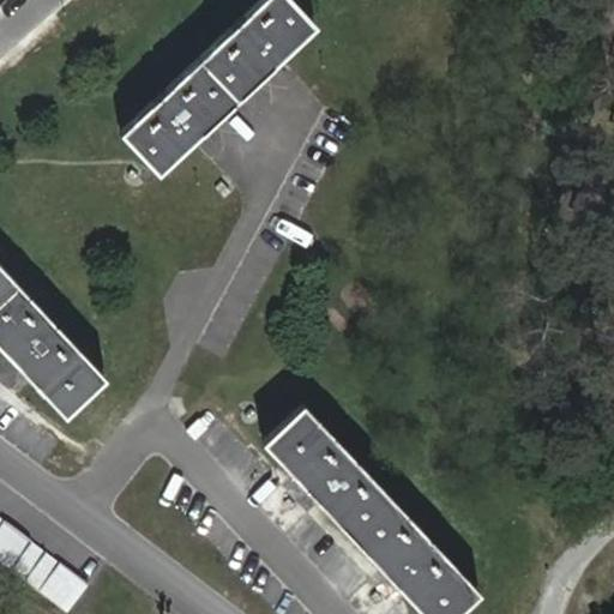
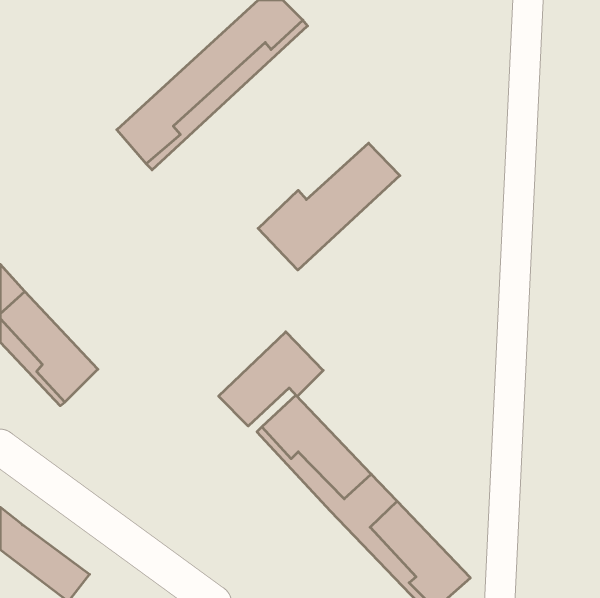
building: none -> [258,143,400,270]
building: none -> [219,332,323,426]

